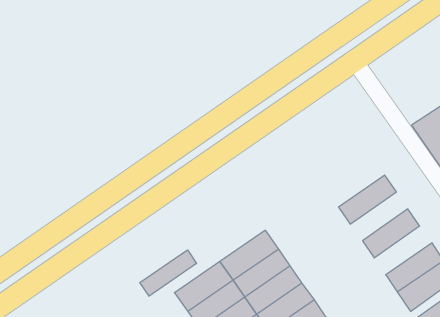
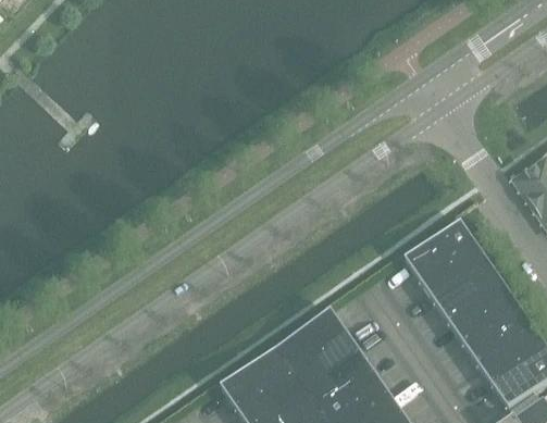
building: none -> [405,219,476,281]
building: none -> [434,262,505,322]
building: none -> [463,303,534,363]
building: [140,250,197,296] -> none

